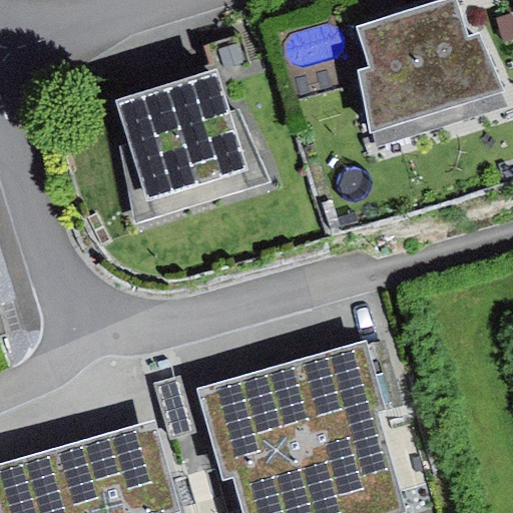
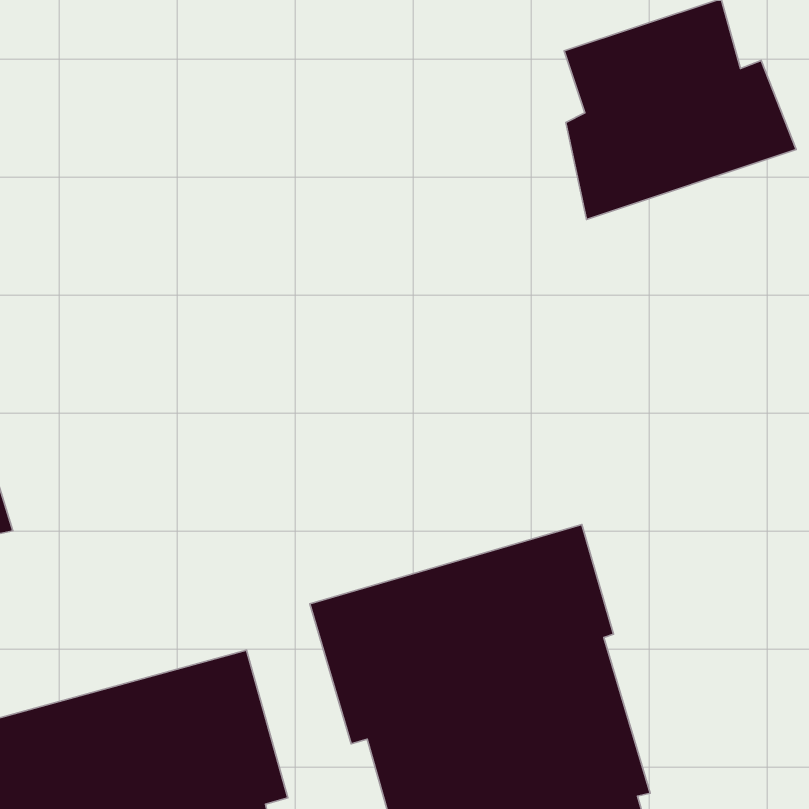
building: [114,78,269,230] -> none

